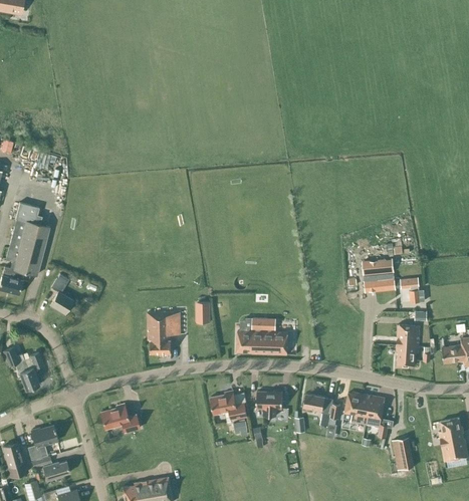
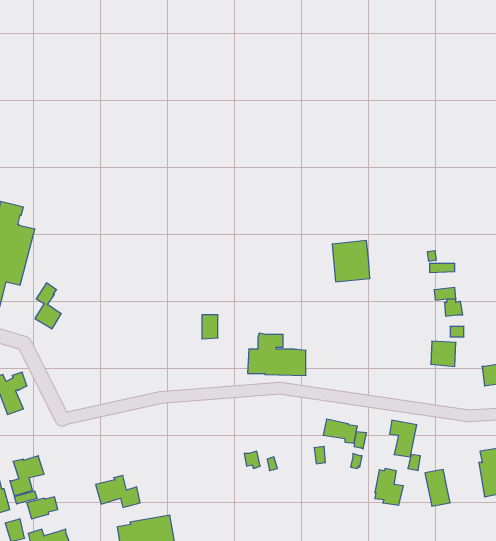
building: [363,257,396,293] -> [332,241,370,282]
building: [148,311,181,352] -> none
building: [397,344,419,365] -> none
building: [211,391,247,419] -> none
building: [257,392,283,416] -> none
building: [344,392,370,424] -> [375,469,403,505]
building: [100,404,140,432] -> [96,475,140,507]

